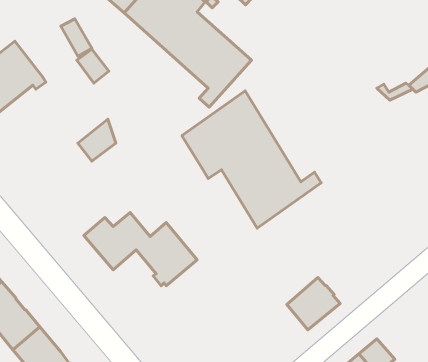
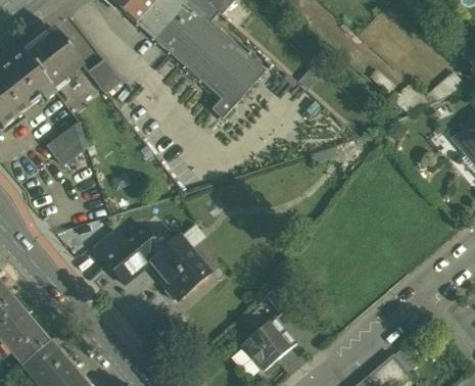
building: none -> [23,27,83,87]
building: [182,91,321,228] -> none
building: [78,119,116,161] -> [48,120,87,163]
building: [287,278,340,330] -> [242,316,296,369]

